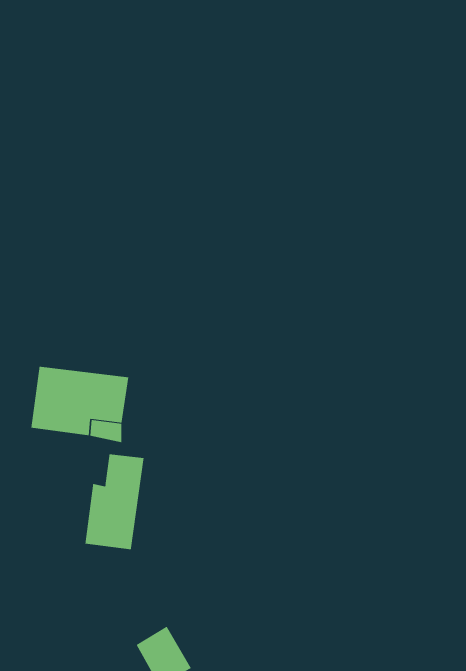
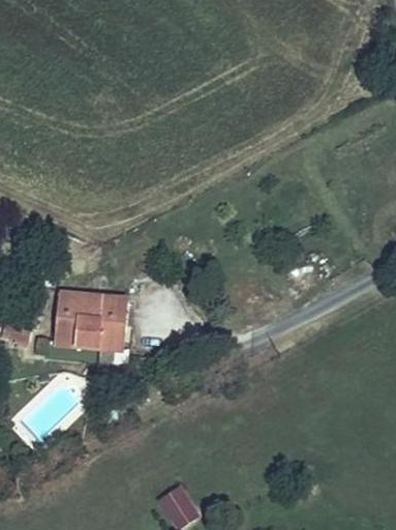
building: [85,453,144,550] -> none

